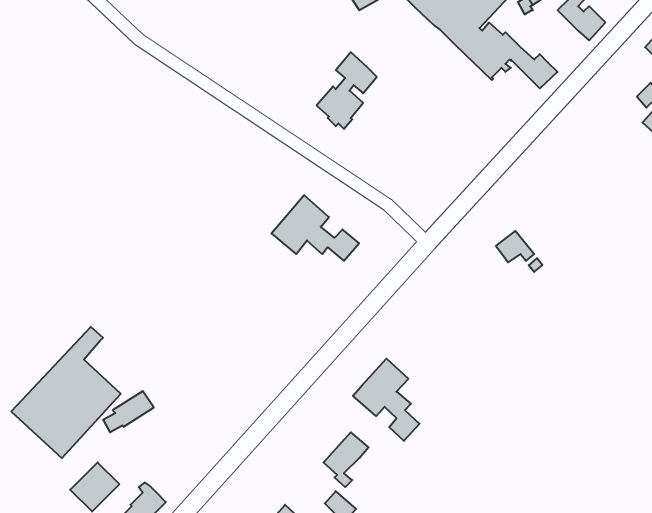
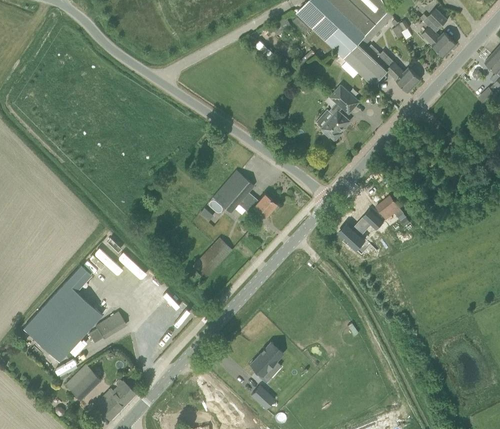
building: [317,52,377,129] -> [315,84,359,140]
building: none -> [335,217,382,255]
building: none -> [192,238,232,279]
building: [353,359,420,441] -> none

